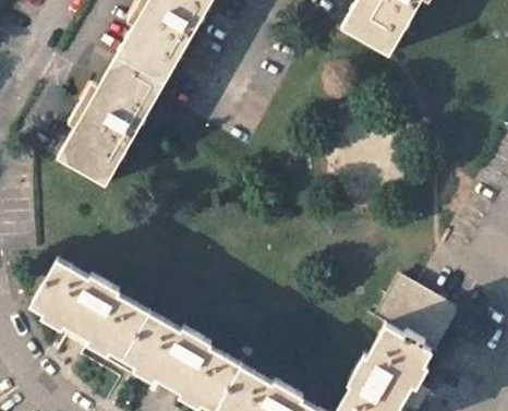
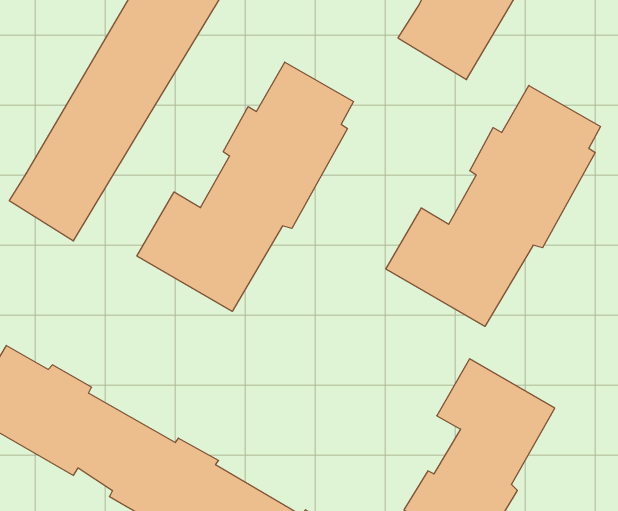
building: none -> [137,62,354,311]
building: none -> [386,85,600,326]

